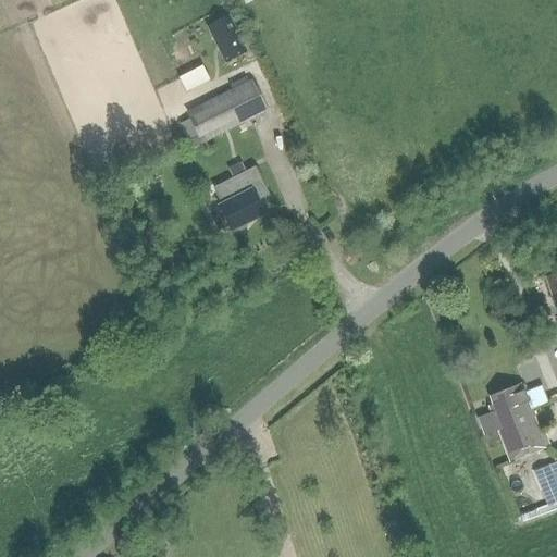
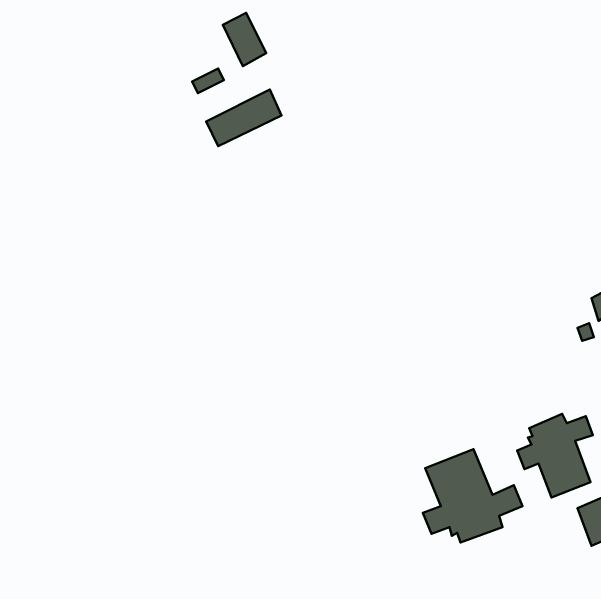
building: [211,165,263,230] -> none
building: none -> [423,449,522,542]

